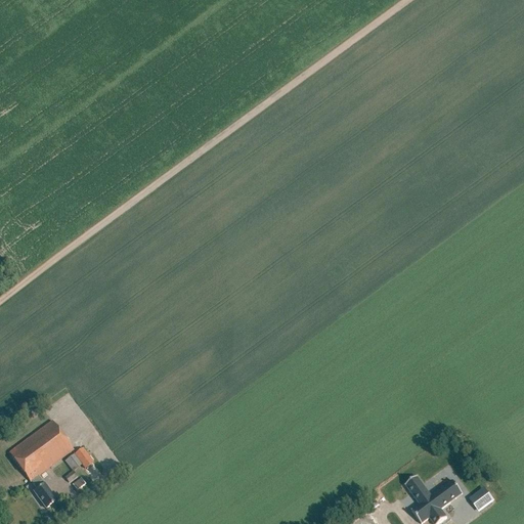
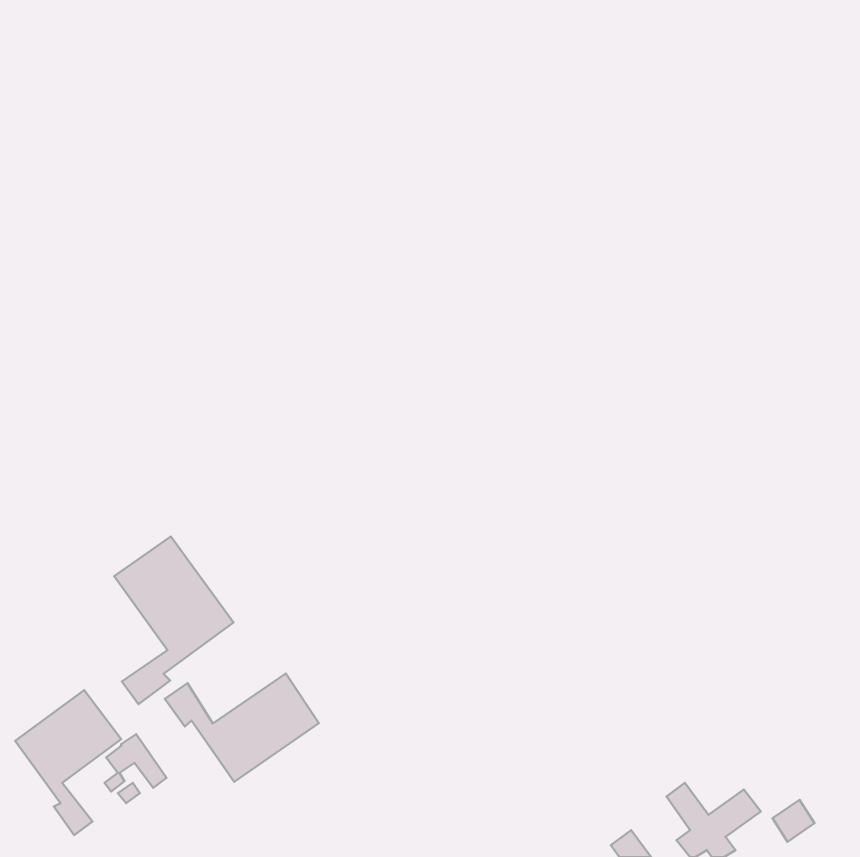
building: none -> [114,537,233,704]
building: none -> [165,674,319,782]

